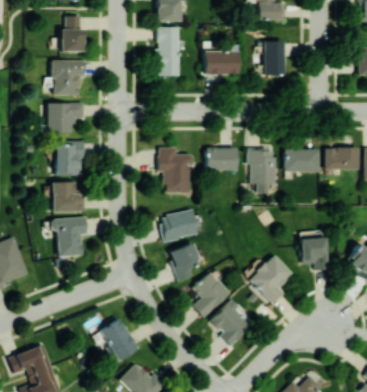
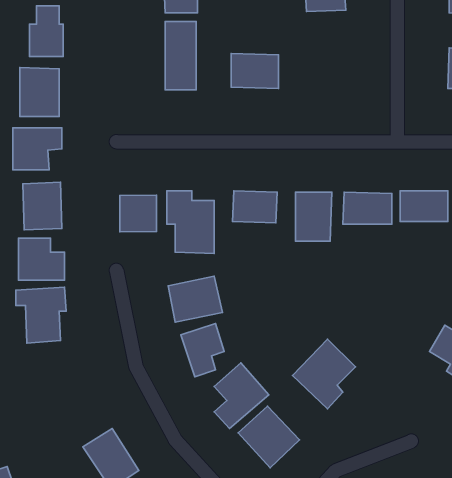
building: [264,41,284,75] -> none
building: none -> [120,195,156,232]
building: [299,238,326,272] -> none

